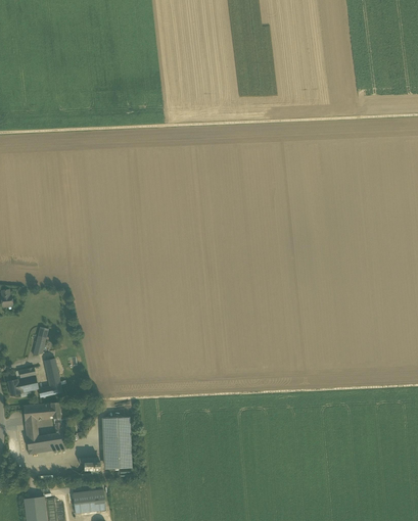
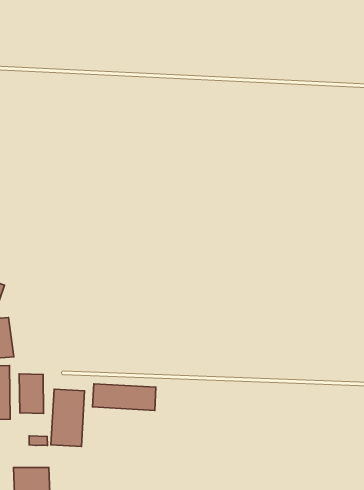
building: none -> [19,374,44,414]
building: none -> [93,384,156,410]

